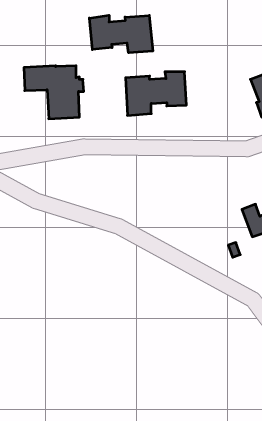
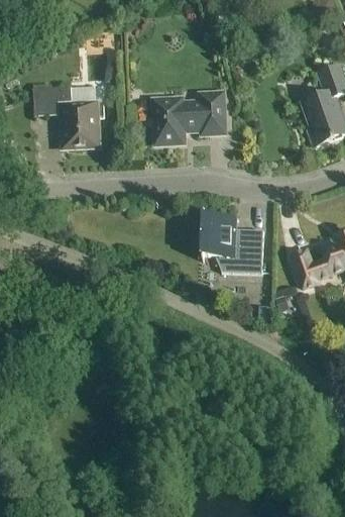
building: [89,15,153,53] -> none
building: none -> [199,217,263,274]

